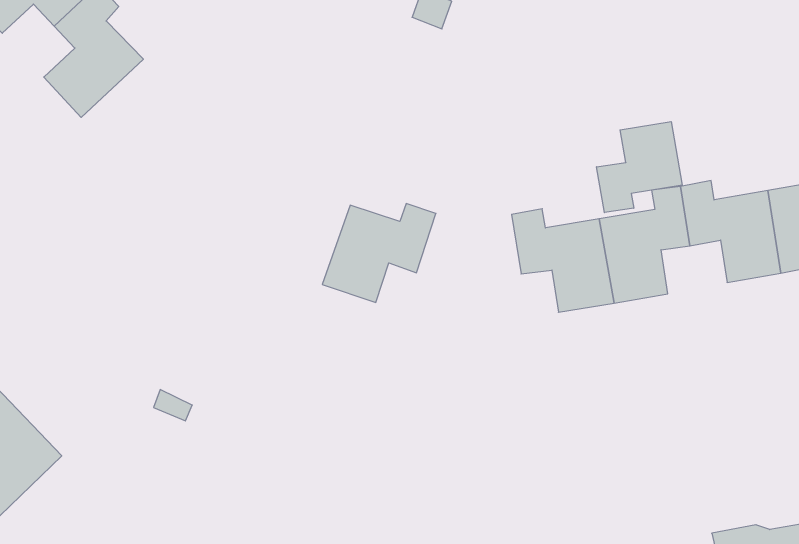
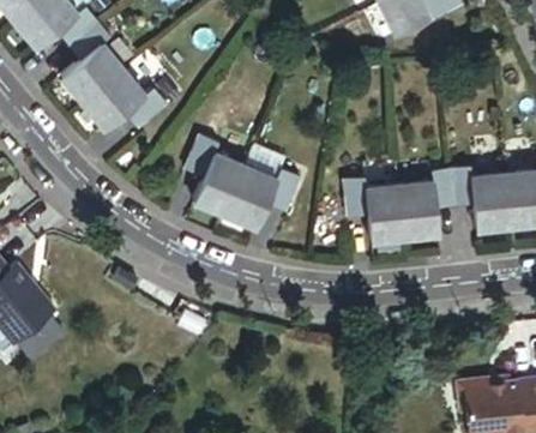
building: none -> [82,68,165,128]
building: [597,122,682,213] -> none
building: none -> [185,133,245,215]

